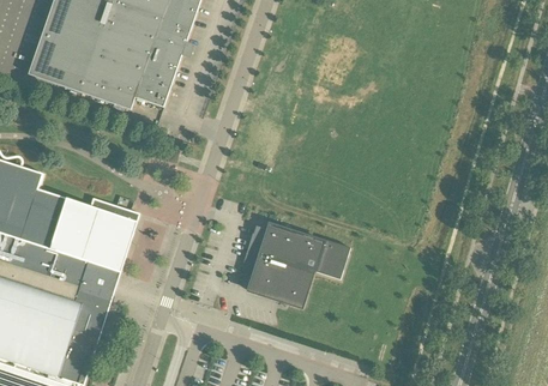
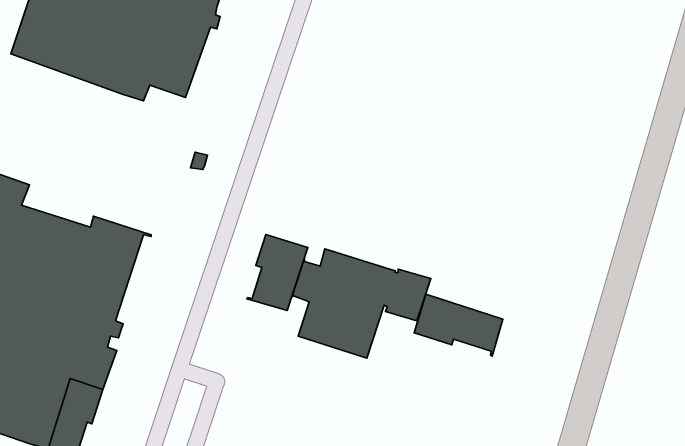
building: none -> [247,234,308,311]
building: none -> [414,294,503,356]

